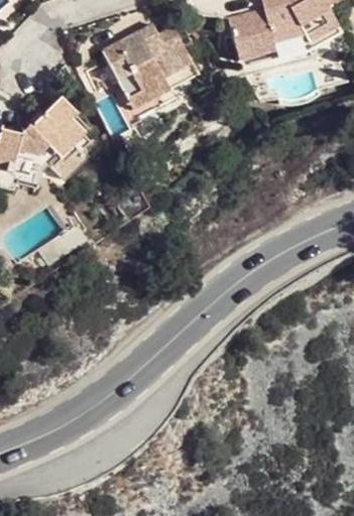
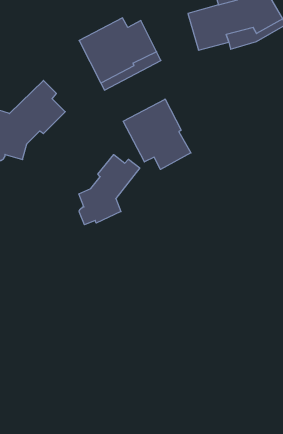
building: none -> [123,99,191,169]
building: none -> [79,155,140,225]

